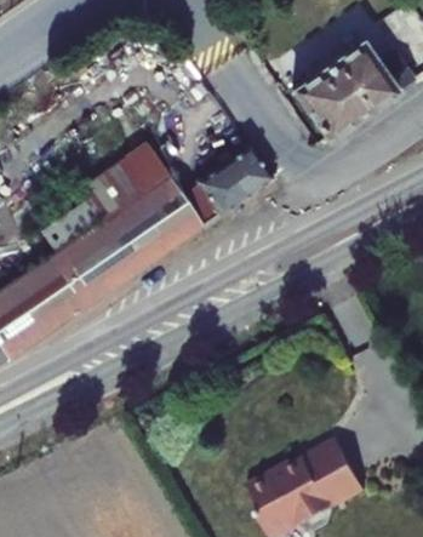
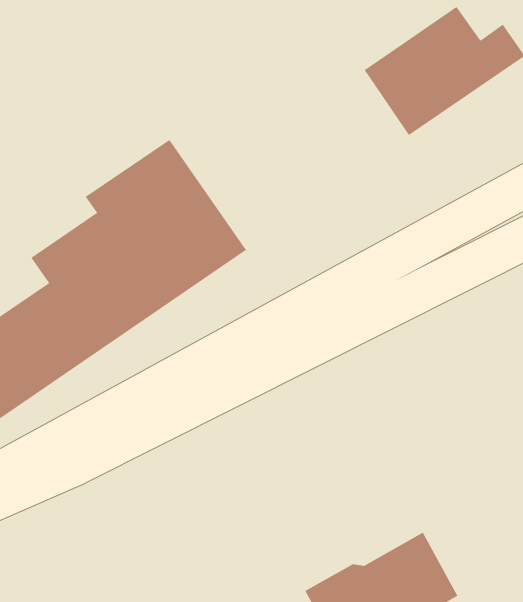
building: [183,142,275,224] -> none

